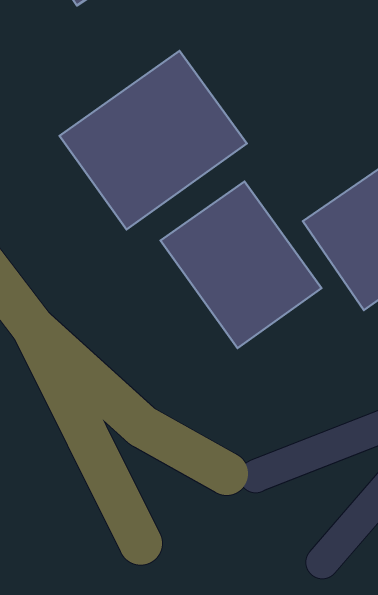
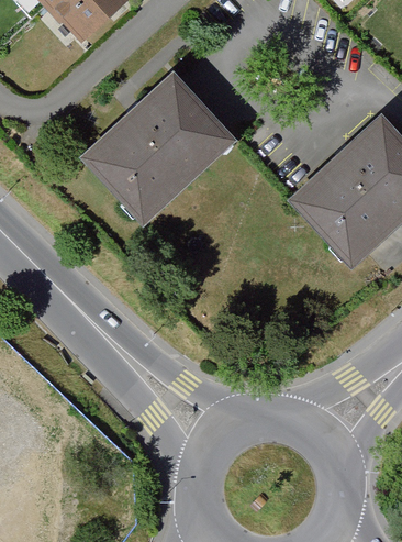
building: [160,181,322,348] -> none

